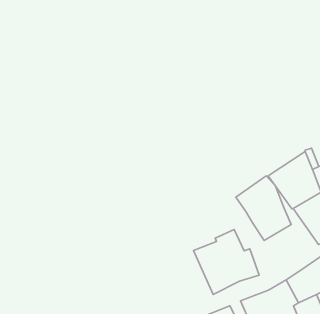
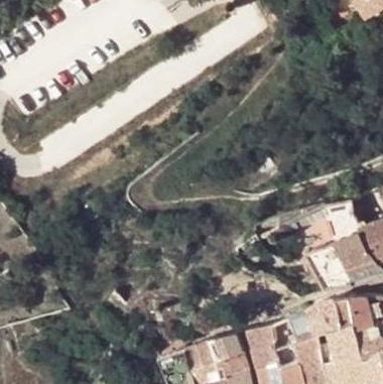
building: [236,176,291,241] -> none
building: [193,230,259,295] -> none

